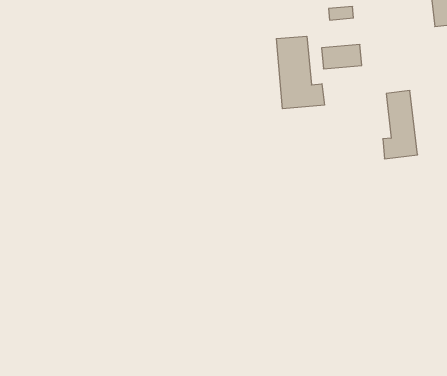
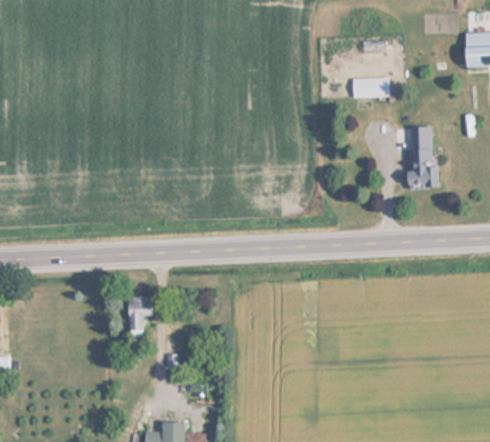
building: [276,36,324,109] -> none
building: none -> [127,296,152,337]

